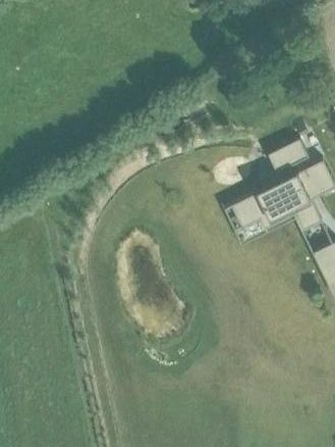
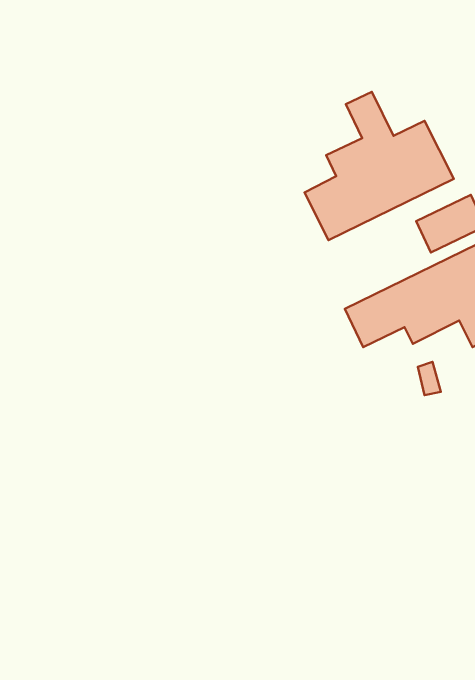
building: none -> [305,92,454,240]

